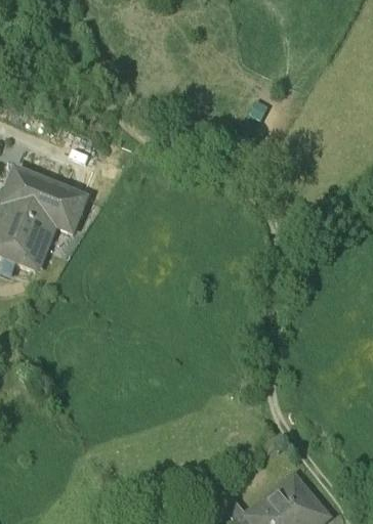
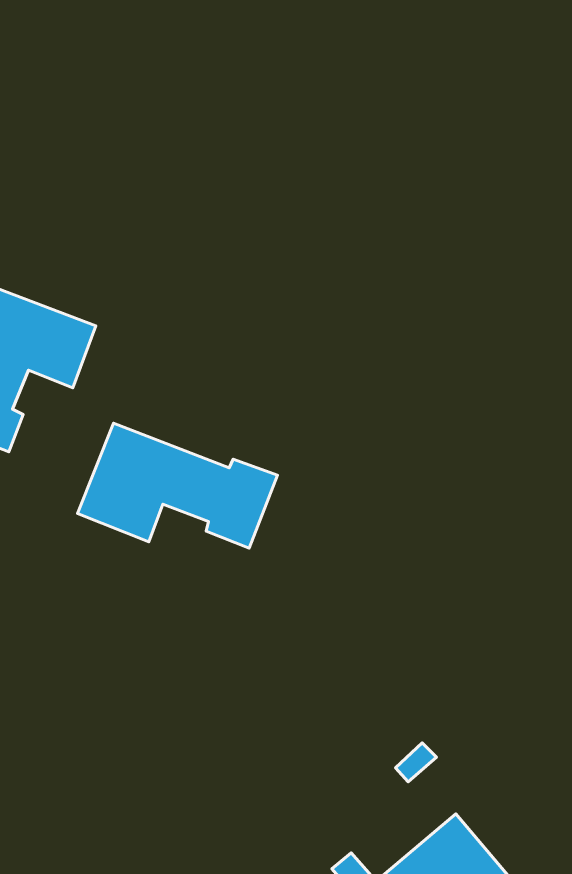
building: none -> [77,423,278,548]

